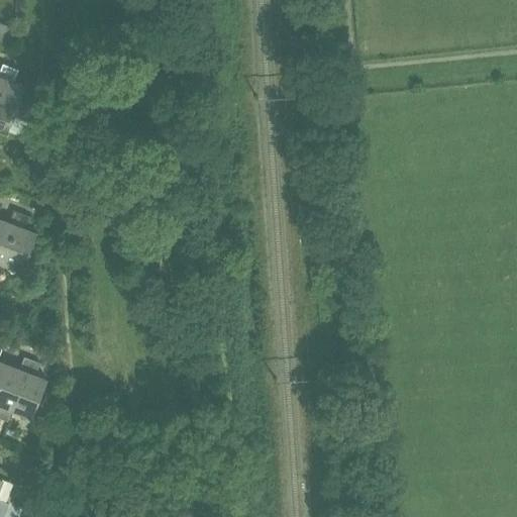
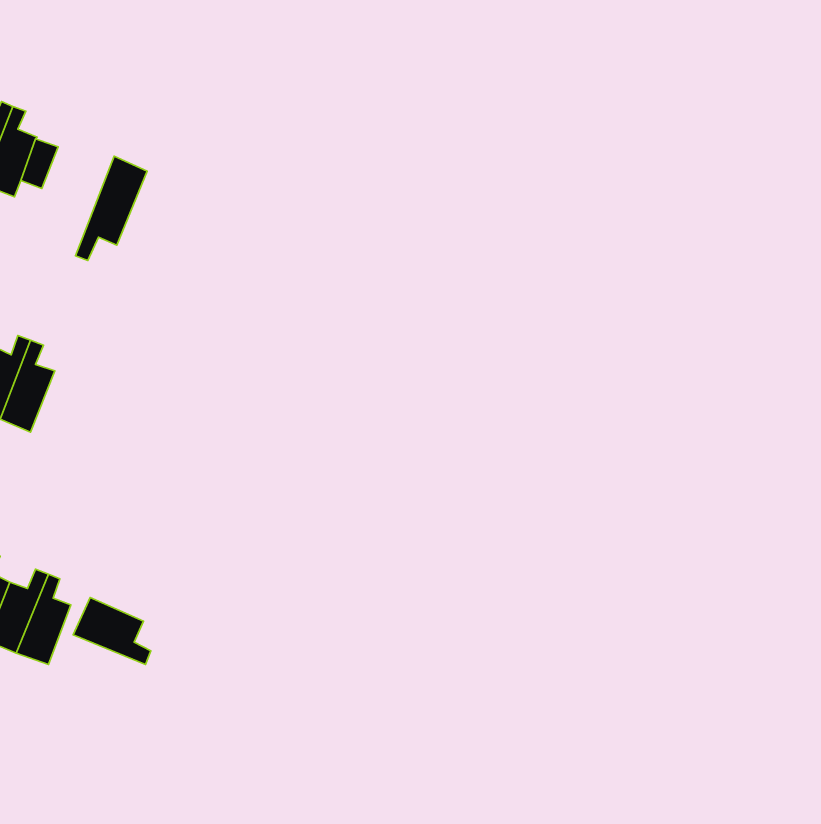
building: none -> [76,156,147,260]
building: none -> [73,597,151,665]

